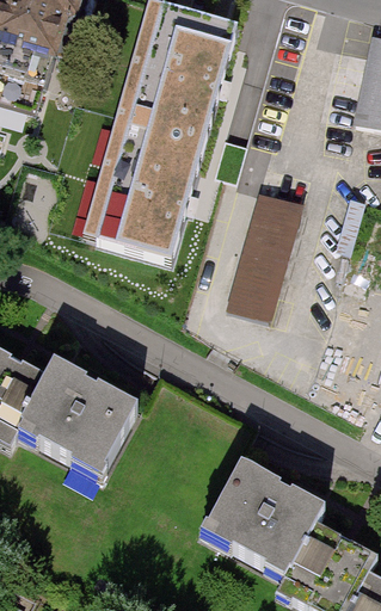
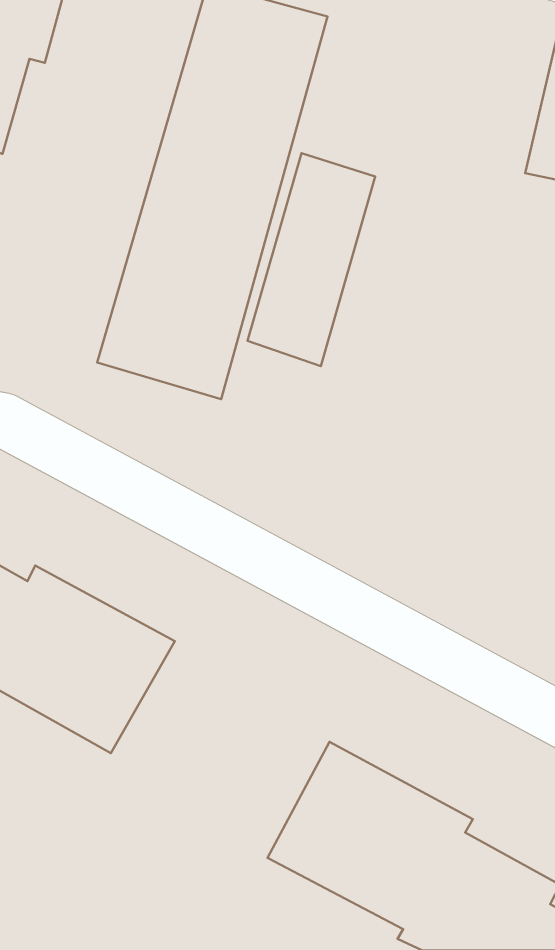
building: [223,189,302,320] -> [247,153,375,366]

